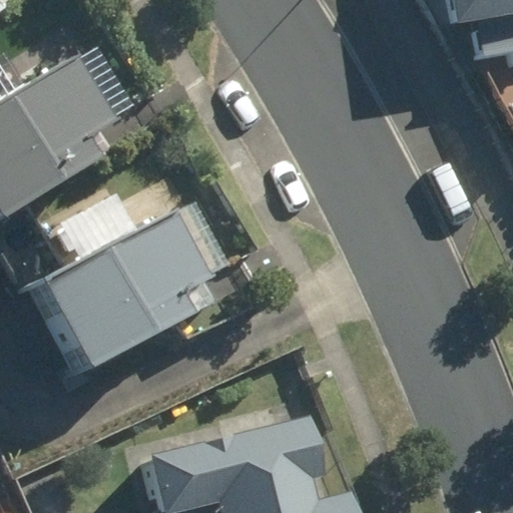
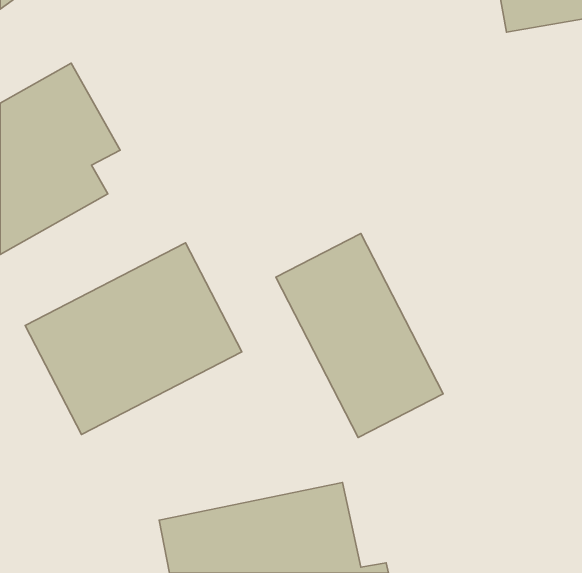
building: none -> [276,234,443,437]

